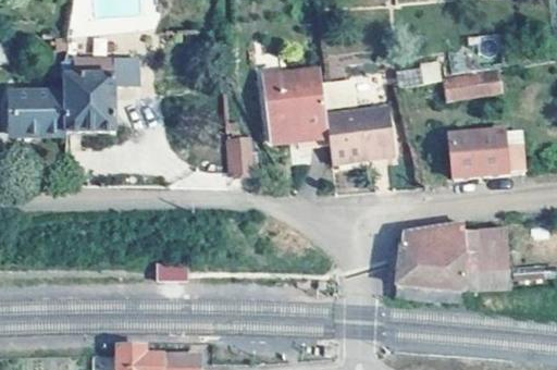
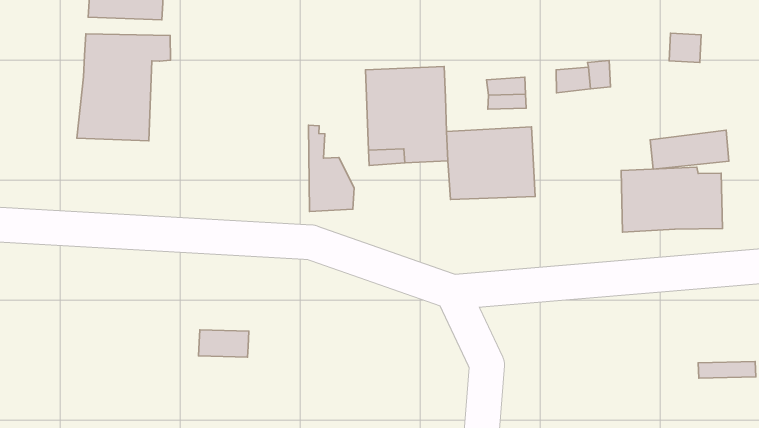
building: [442,69,498,99] -> [650,130,729,169]
building: [11,89,64,133] -> none
building: [393,222,505,291] -> none

